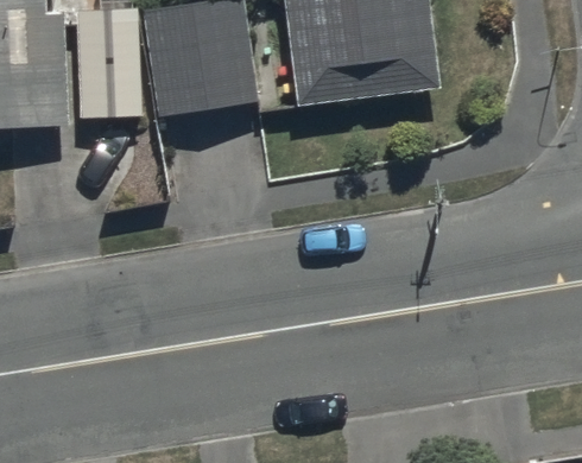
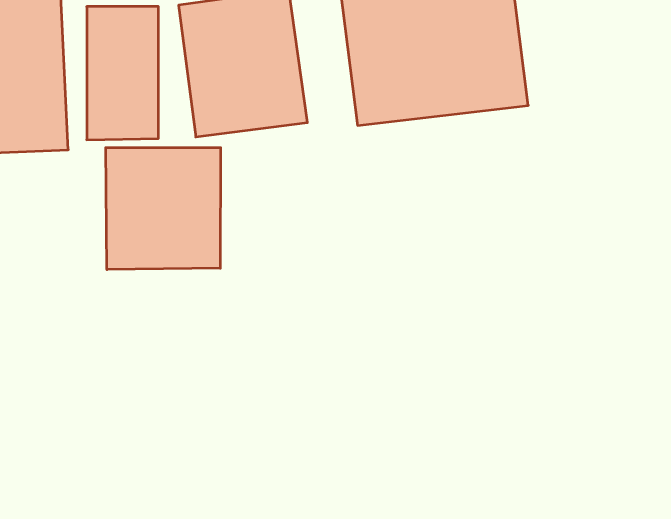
building: none -> [106,148,221,270]

